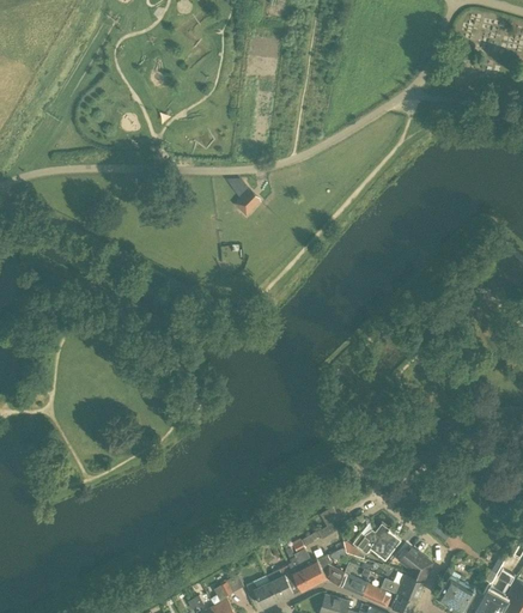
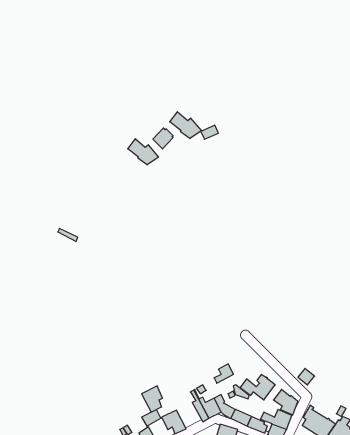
building: none -> [170,112,201,139]
building: none -> [128,139,158,165]
building: [266,566,294,602] -> [142,386,163,412]

